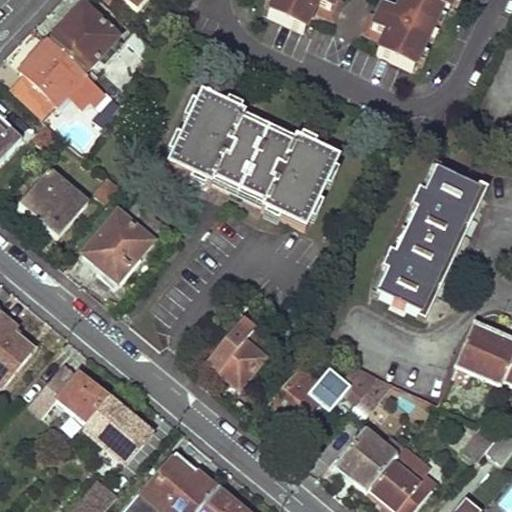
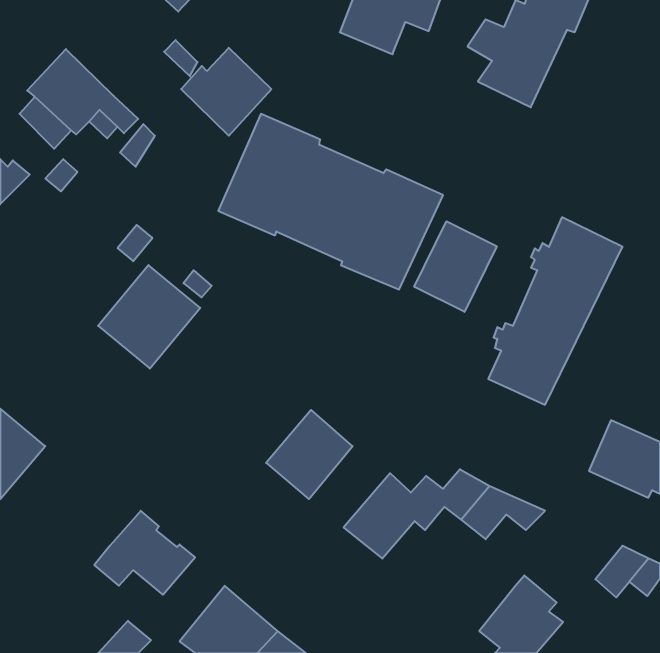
building: [51,6,121,74] -> [181,48,271,136]
building: [16,165,87,236] -> none
building: none -> [414,221,497,312]
building: [28,363,109,422] -> none
building: [338,426,399,491] -> none

